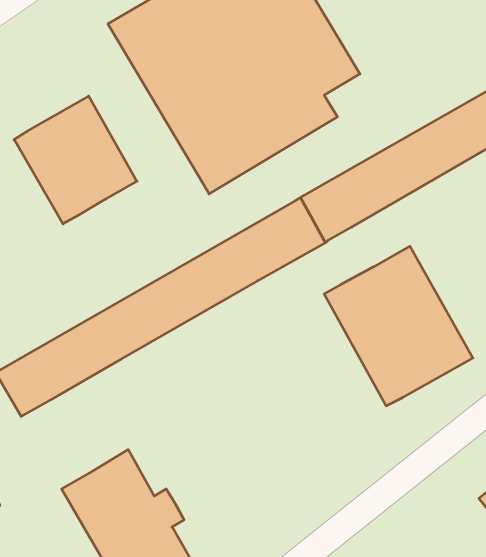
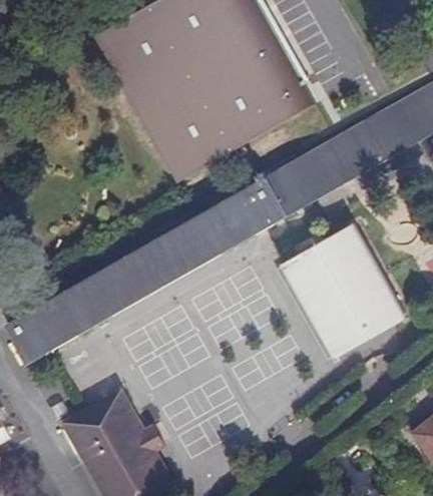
building: [14,96,137,224] -> none

